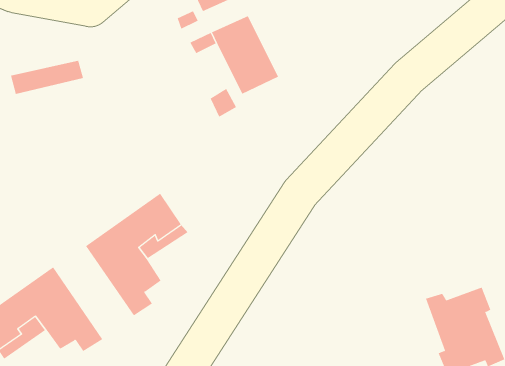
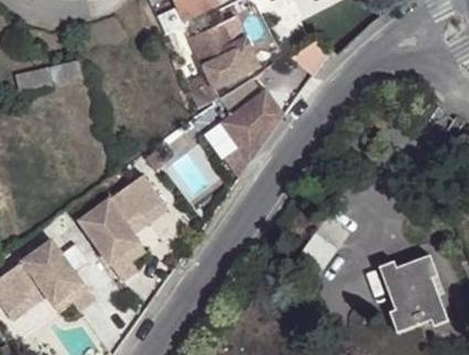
building: none -> [221,82,282,178]

